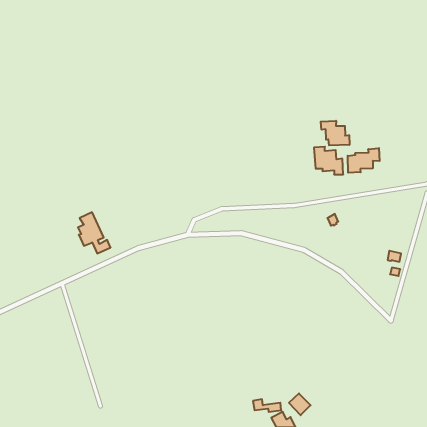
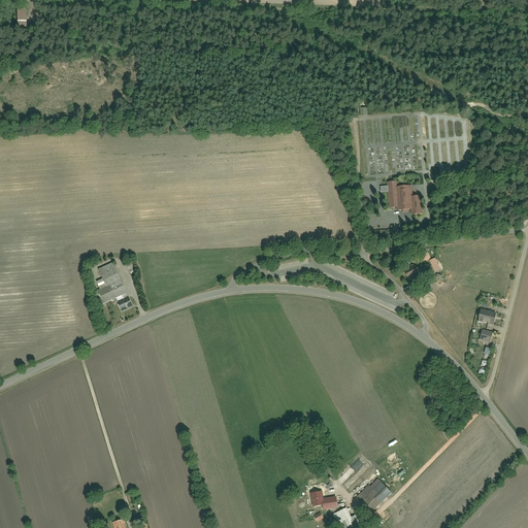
building: [321,121,349,145] -> none
building: [348,148,380,173] -> none

